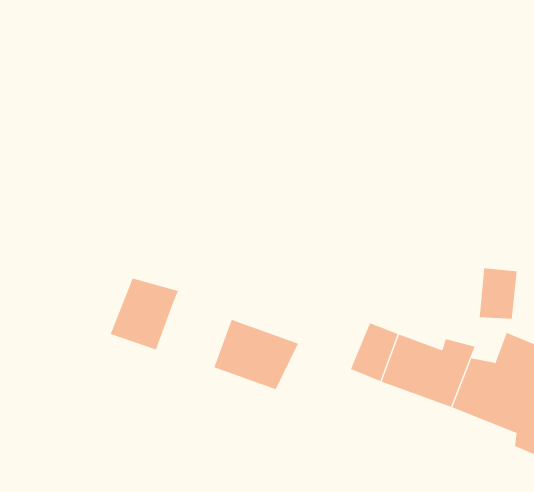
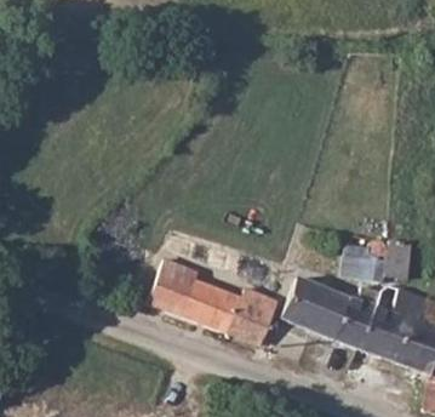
building: none -> [340,240,384,287]
building: [110,278,179,350] -> [145,261,198,315]
building: none -> [228,291,279,343]

